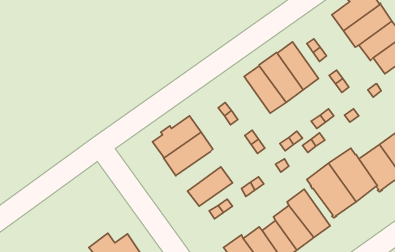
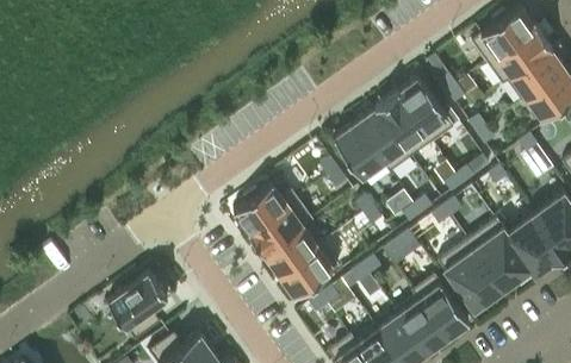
building: none -> [333,125,385,184]
building: none -> [265,225,323,277]
building: none -> [107,274,167,342]

